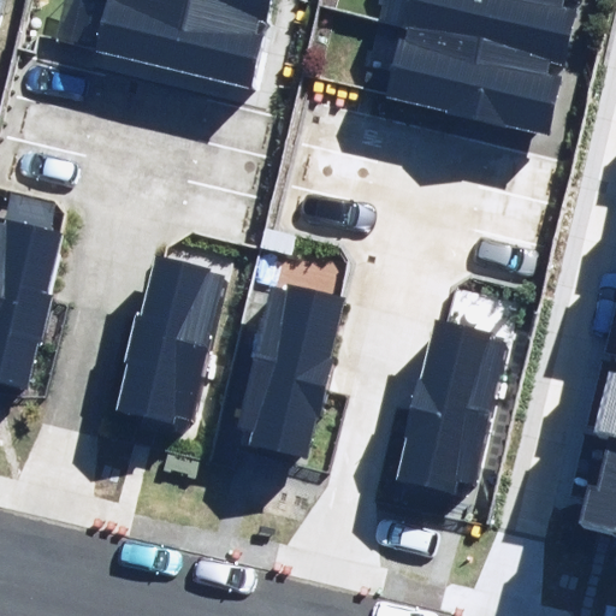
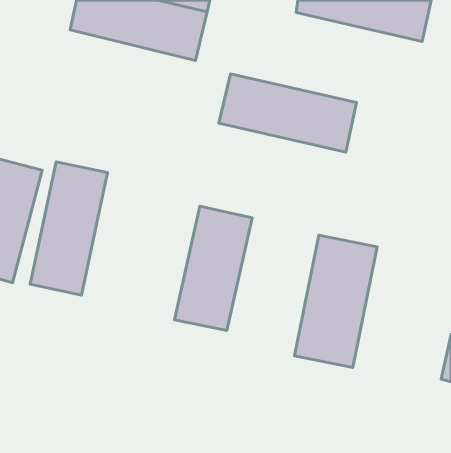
building: [380,26,564,131] -> [219,74,357,152]
building: [114,257,218,436] -> [30,162,108,295]

